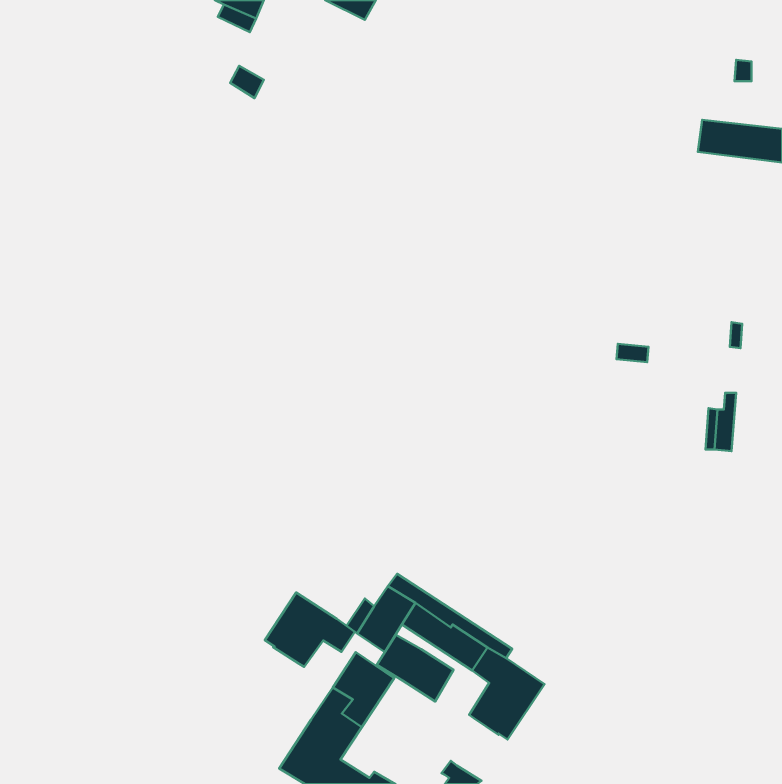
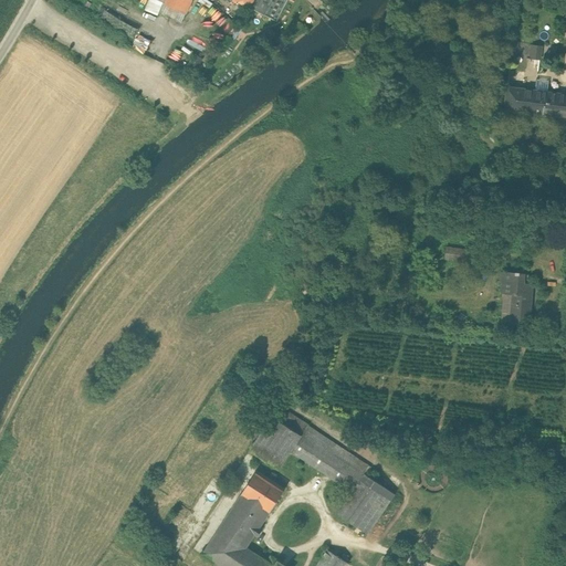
building: none -> [501,271,524,295]
building: [265,593,355,667] -> none
building: [377,635,454,701] -> none

